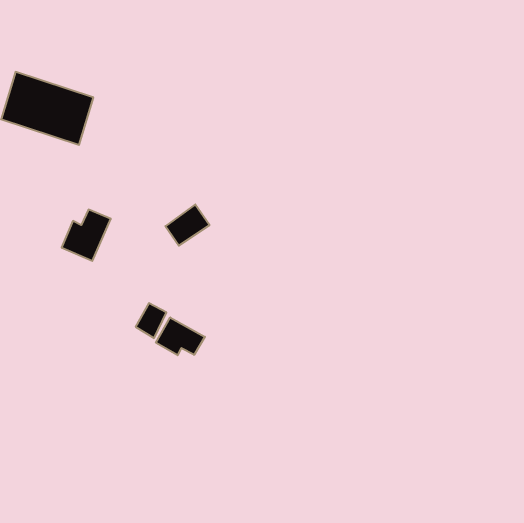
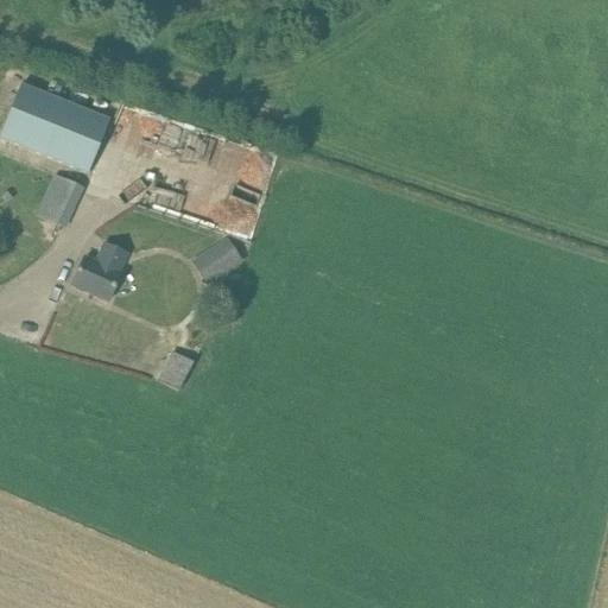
building: none -> [36,173,84,228]
building: [156,317,205,355] -> none

